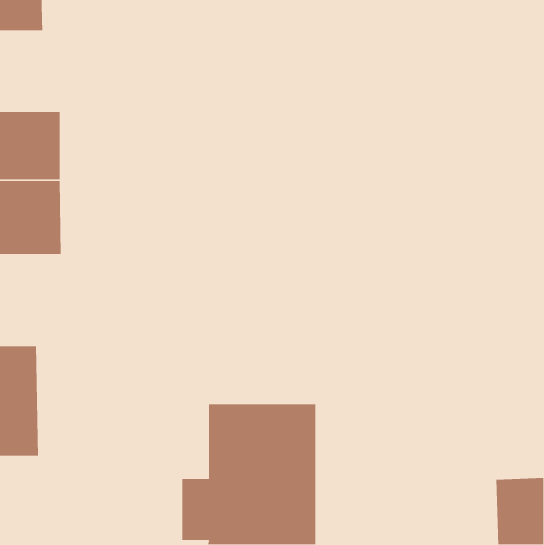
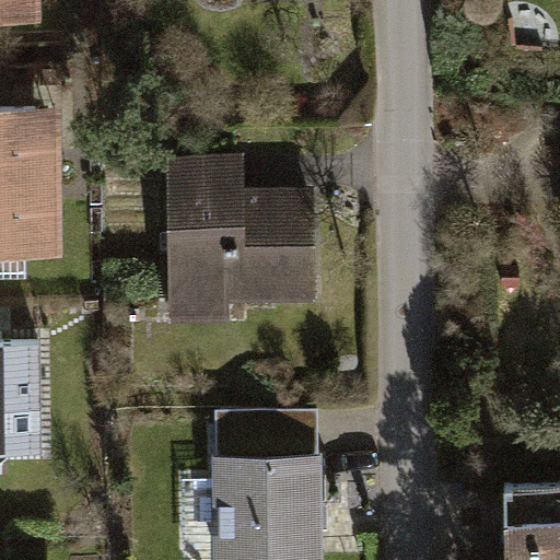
building: none -> [167,158,315,326]

